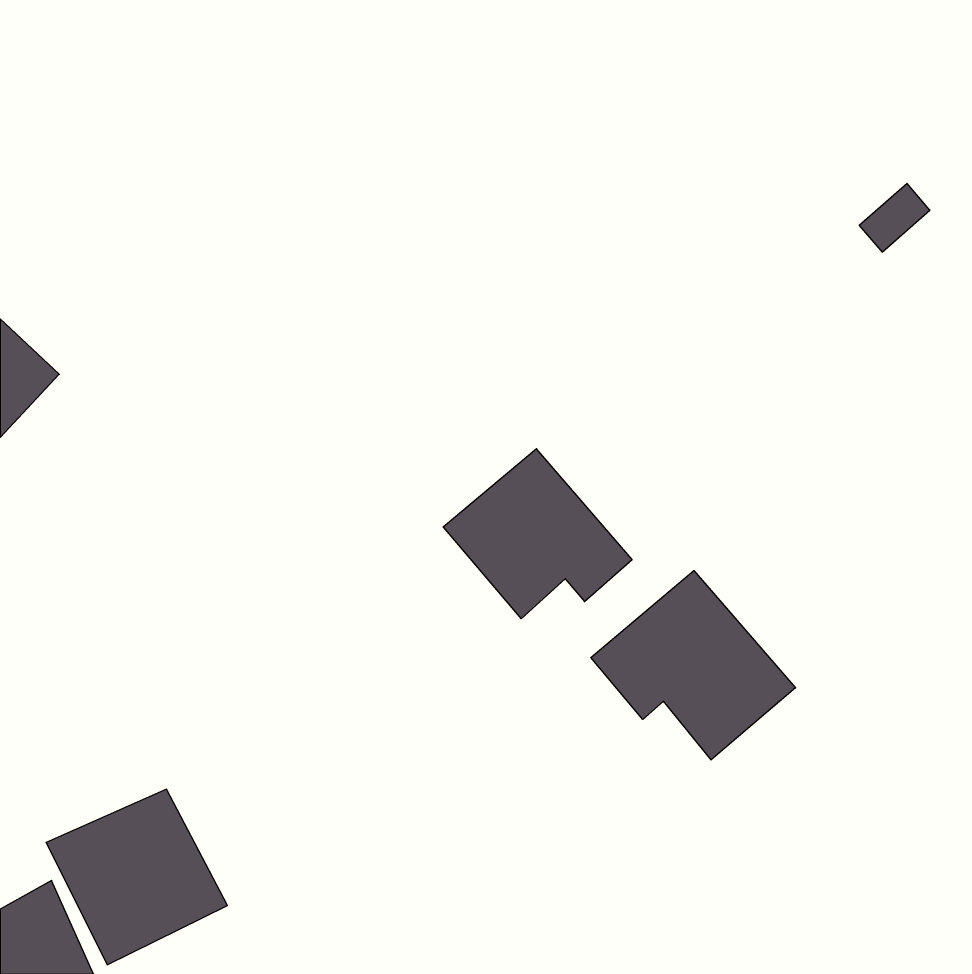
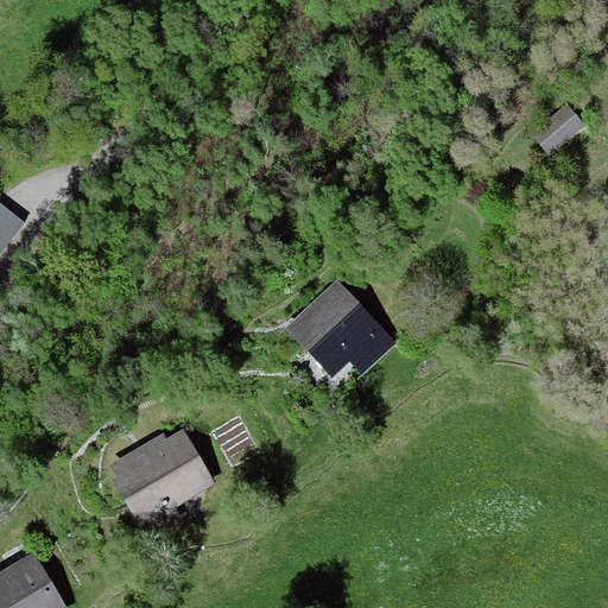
building: [591,571,796,760] -> none
building: [46,789,227,965] -> [106,426,218,536]

